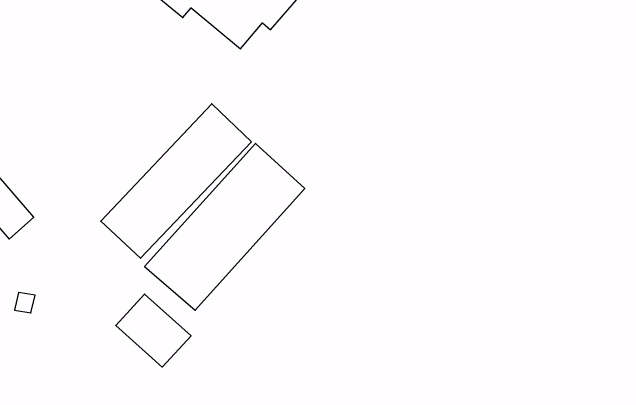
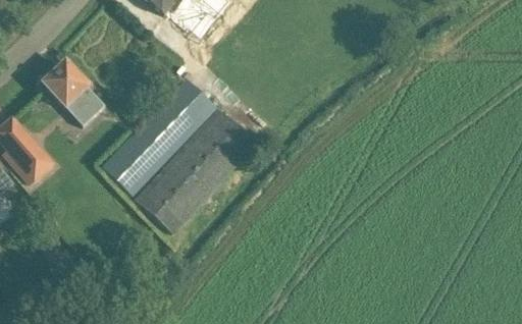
building: none -> [43,61,105,125]
building: [116,294,191,367] -> none

